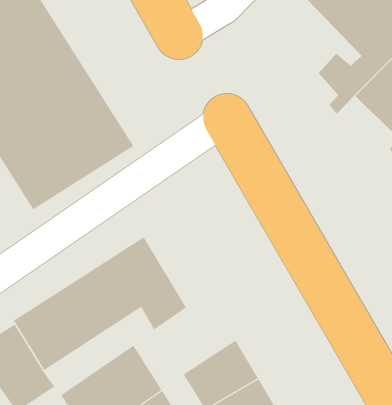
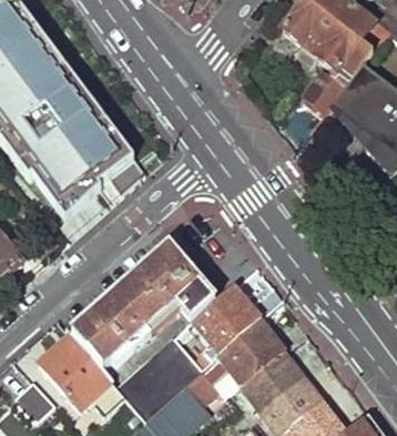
building: none -> [187,283,283,363]

